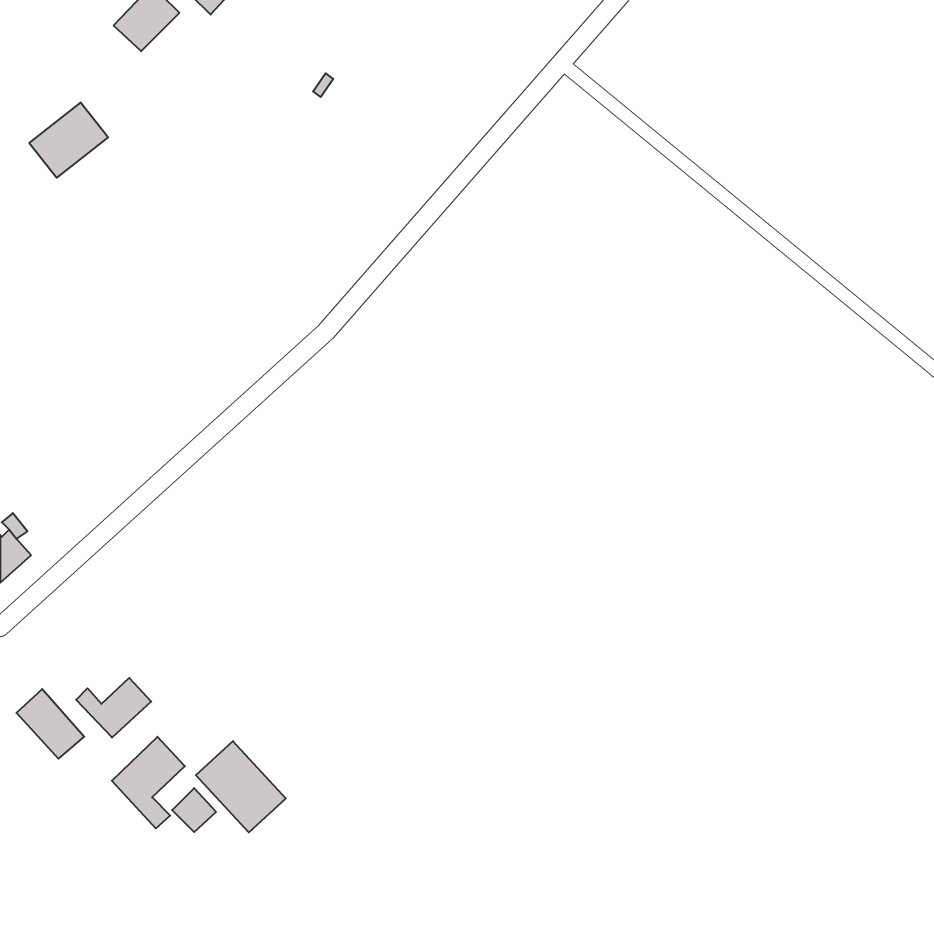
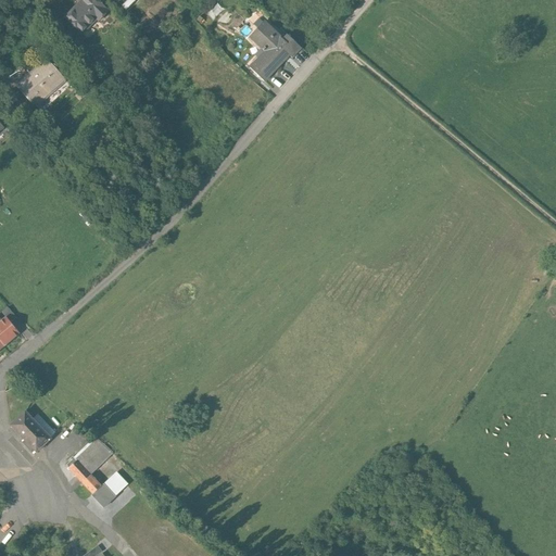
building: none -> [247,20,293,77]
building: [76,678,151,738] -> none
building: [196,741,286,832] -> none

